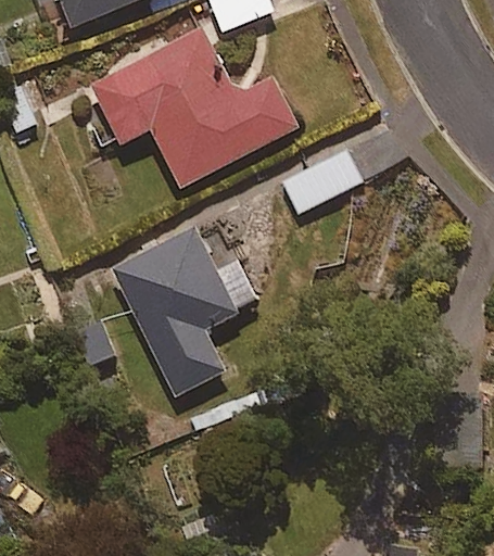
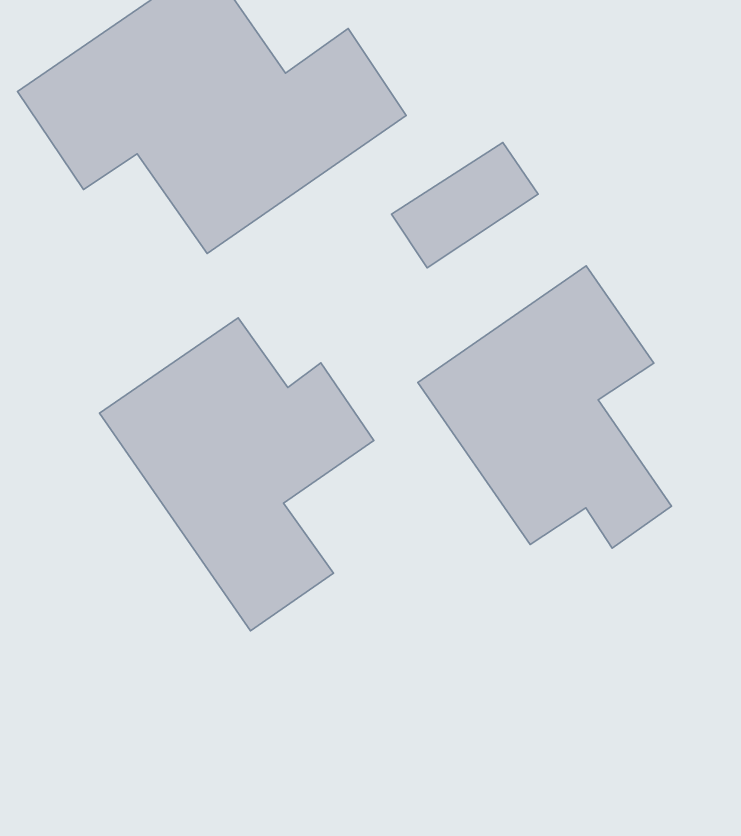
building: none -> [418,266,672,548]

